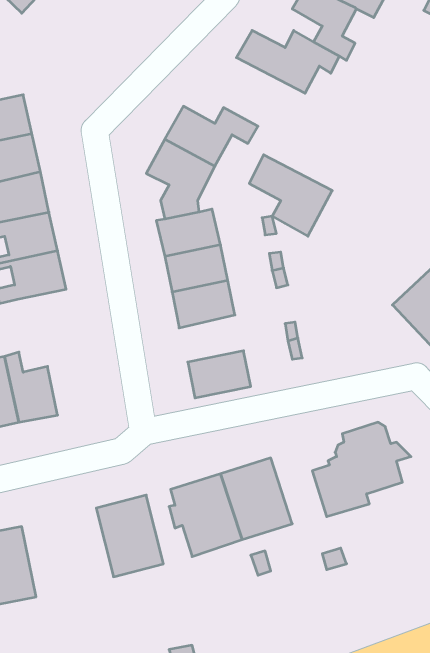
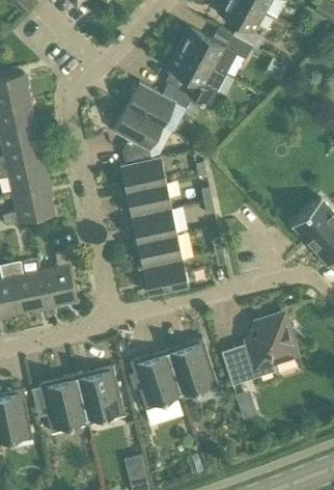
building: [249,155,332,236] -> [166,48,226,107]
building: none -> [135,235,182,269]
building: none -> [39,252,76,307]
building: none -> [35,375,87,433]

